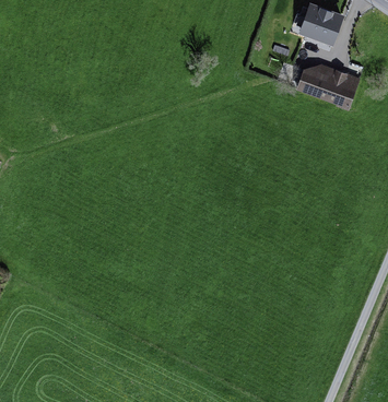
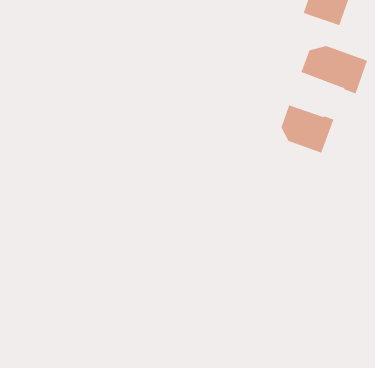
building: none -> [281,105,334,153]

